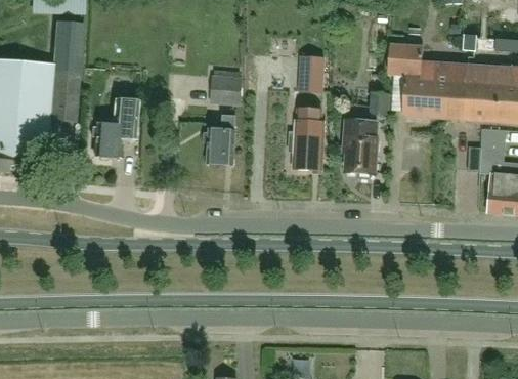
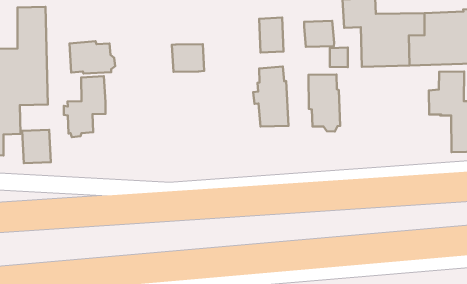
building: none -> [69,41,115,74]
building: none -> [304,21,334,47]
building: [207,114,238,167] -> none
building: none -> [22,130,51,163]

